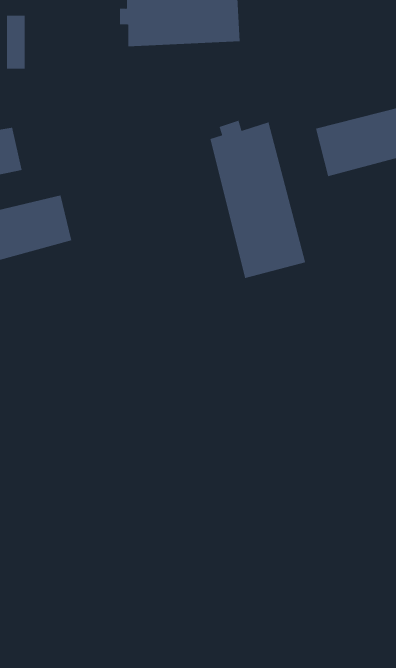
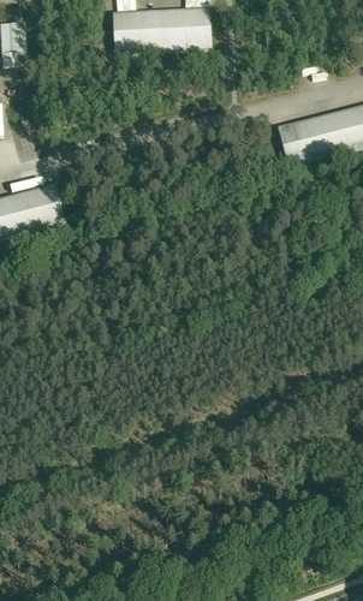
building: [210,120,306,279] -> none

